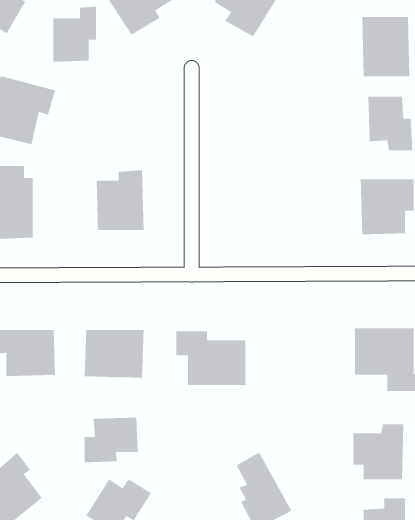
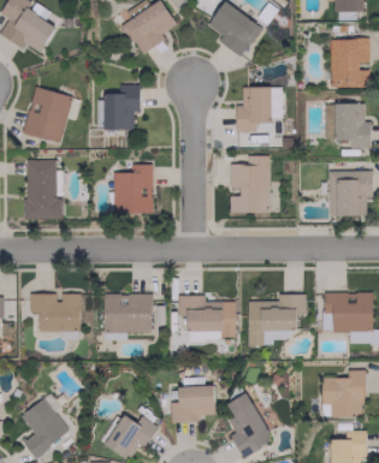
building: [53,6,97,62] -> [105,84,141,130]
building: none -> [237,87,272,132]
building: none -> [230,155,270,213]
building: none -> [248,293,306,345]
building: [84,417,139,463] -> [171,386,215,423]

